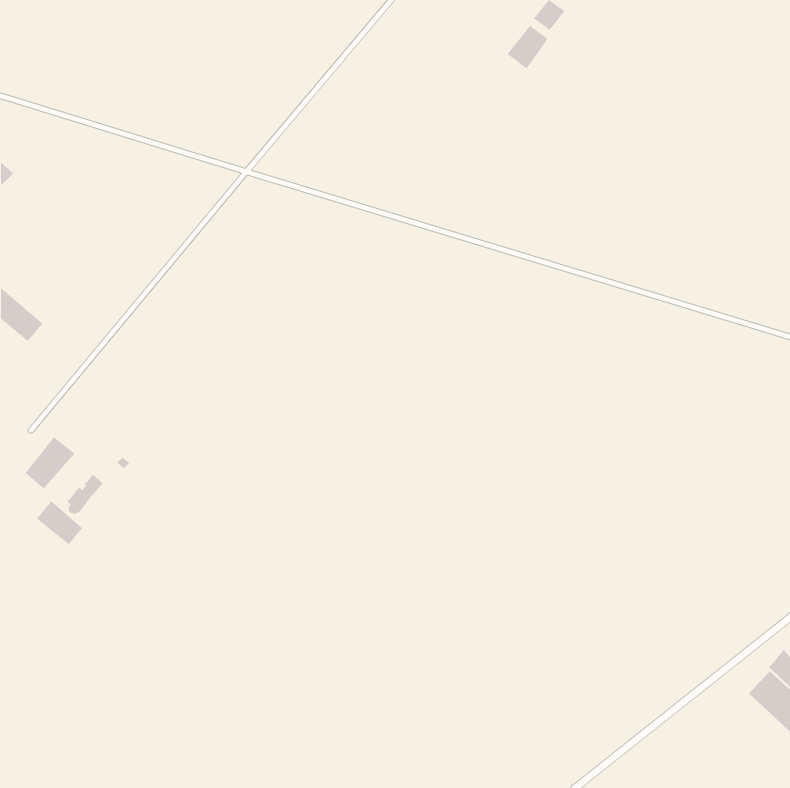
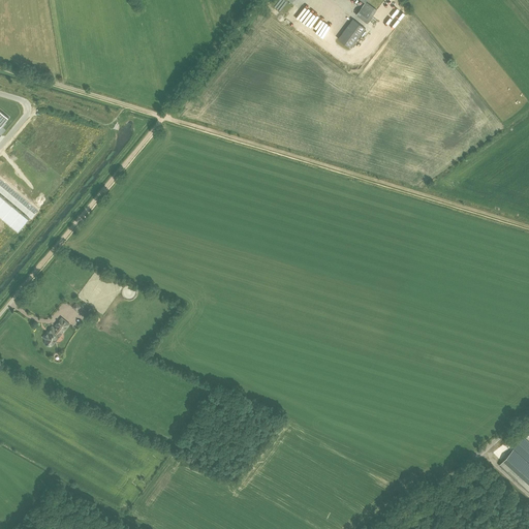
building: [24,436,75,489] -> none
building: [36,500,83,545] -> none

